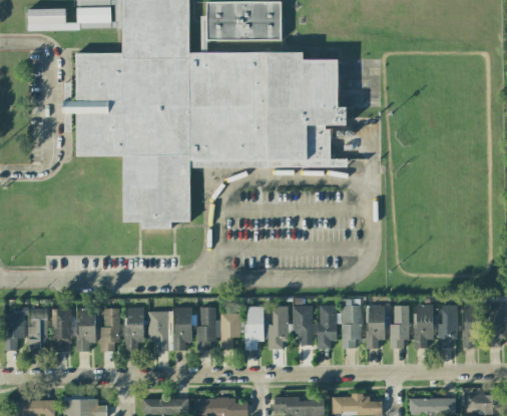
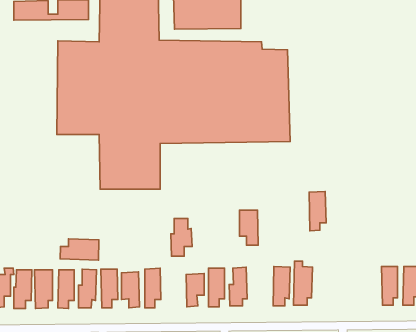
building: none -> [60,239,99,260]
building: [415,304,438,348] -> none
building: [367,305,386,349] -> [309,191,326,231]
building: [293,306,314,345] -> [239,210,258,245]
building: [390,306,409,348] -> none
building: [196,308,220,350] -> [171,219,192,256]

